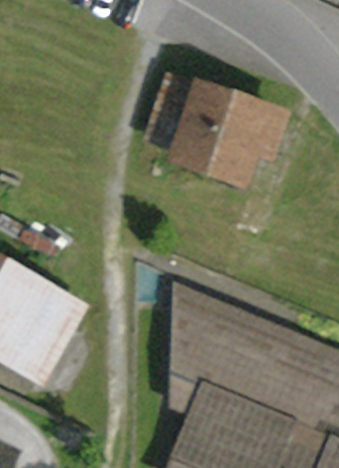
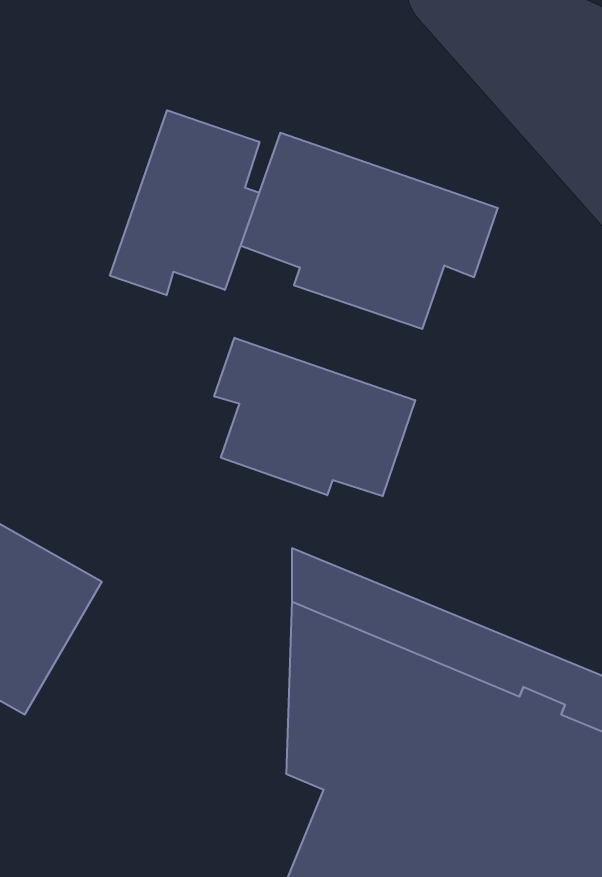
building: none -> [110,110,259,295]
building: none -> [214,338,415,496]

